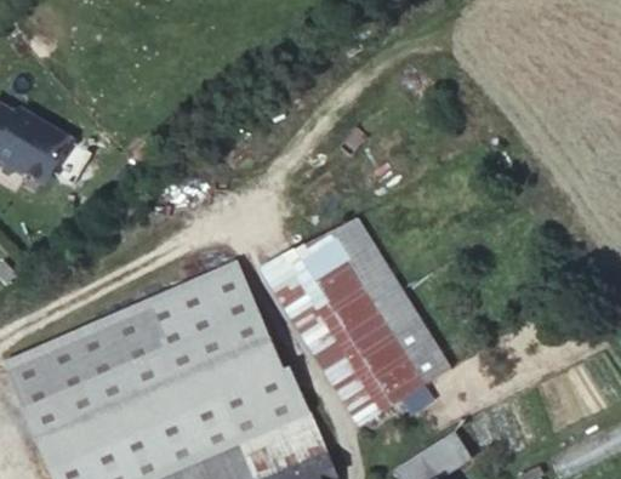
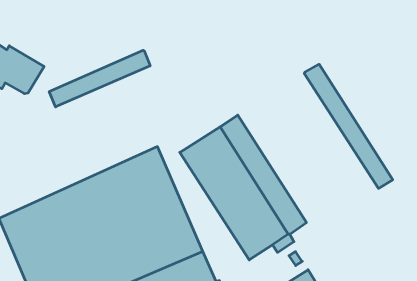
building: none -> [49,50,150,107]
building: none -> [304,64,393,188]

